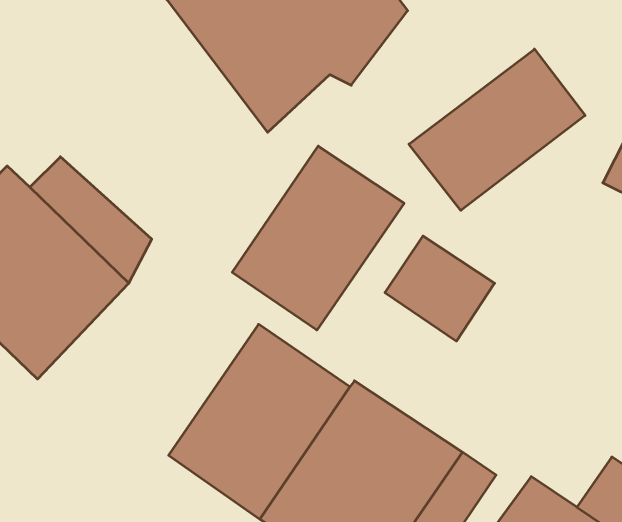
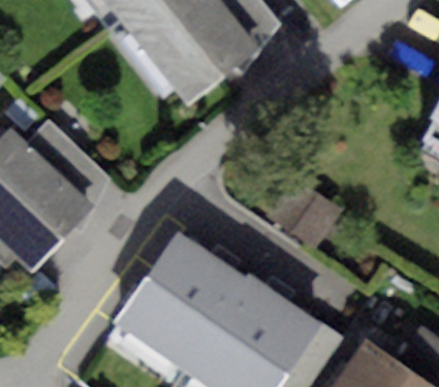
building: [409,49,585,210] -> none
building: [232,146,404,330] -> none

